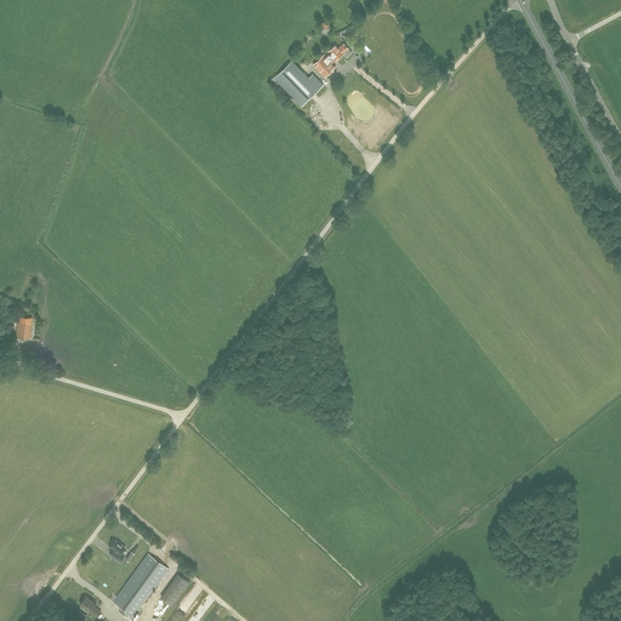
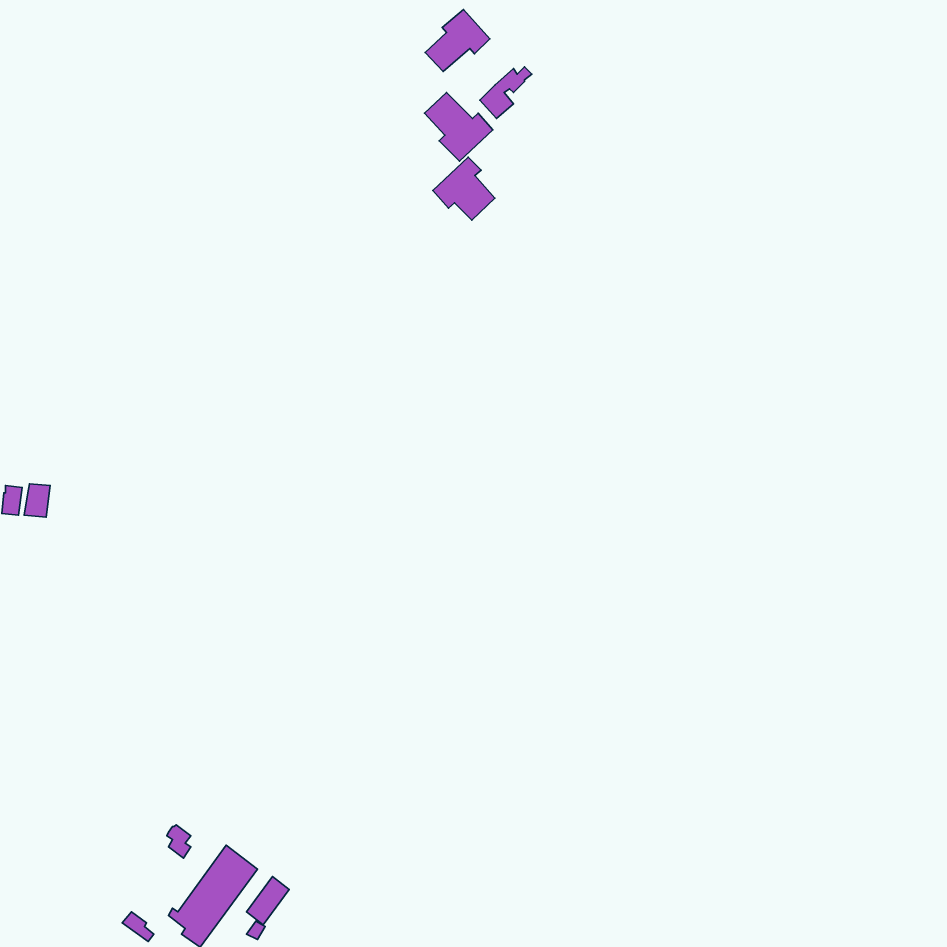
building: none -> [425,9,490,72]
building: none -> [433,157,495,220]

